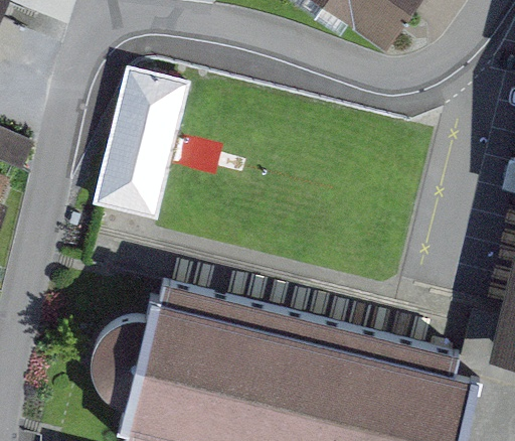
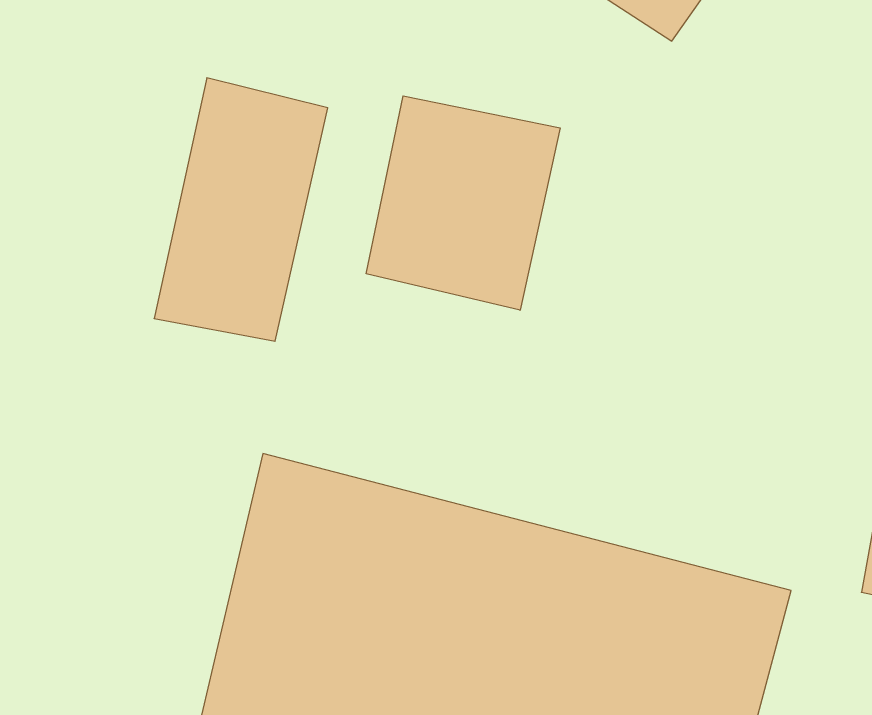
building: none -> [366,96,560,310]

